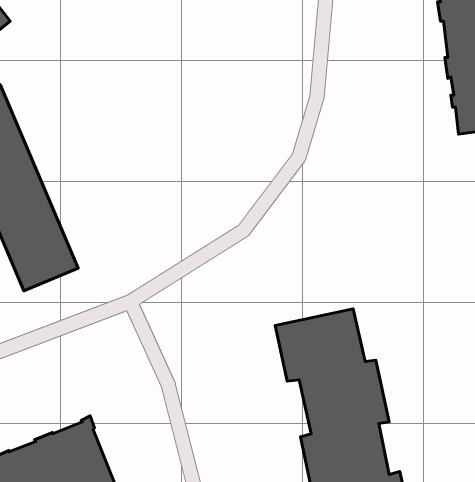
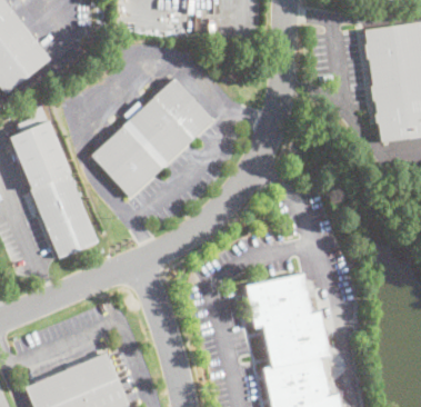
building: none -> [91,78,212,197]

